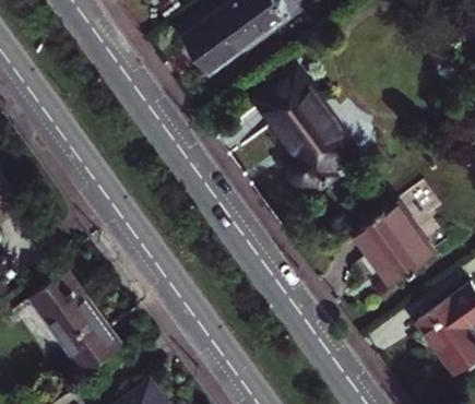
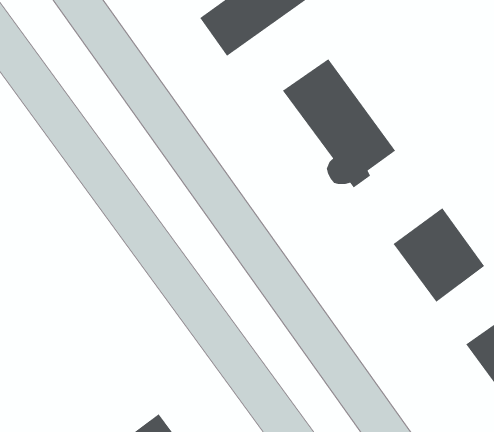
building: [28,273,122,376] -> none

